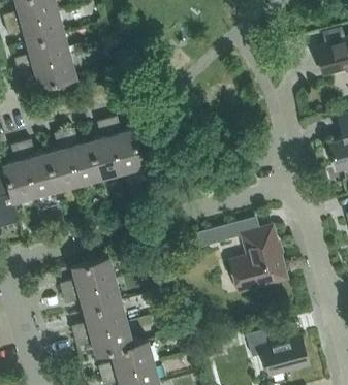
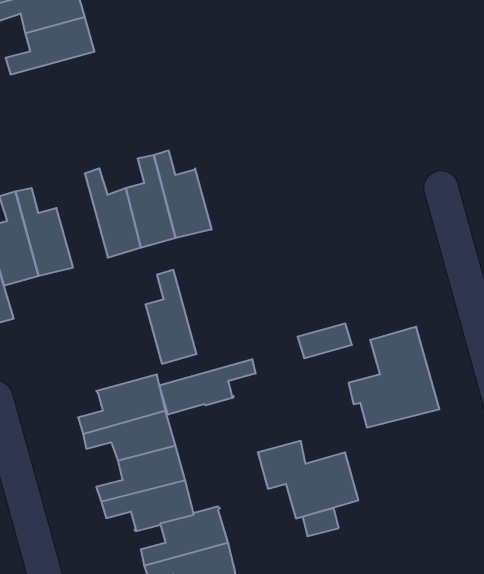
building: [18,55,76,87] -> none
building: [46,131,78,190] -> [145,270,197,364]
building: none -> [159,359,256,415]
building: [246,327,309,376] -> [258,441,358,518]

